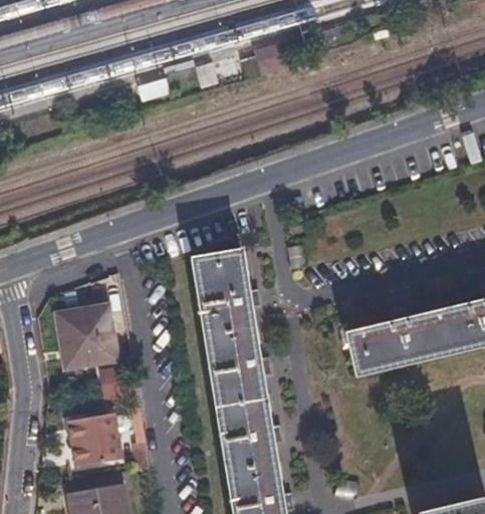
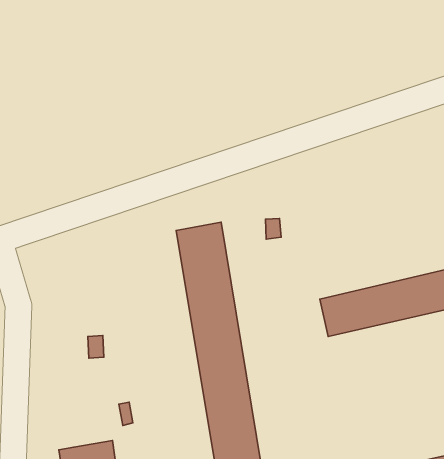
building: [56,303,111,362] -> none
building: [72,416,119,469] -> none

